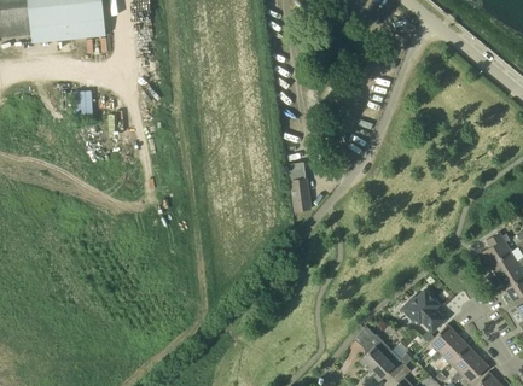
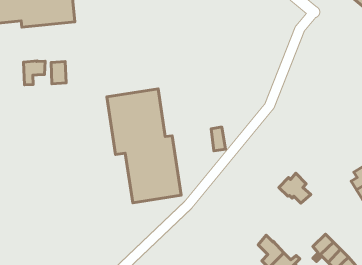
building: none -> [23,61,45,85]
building: none -> [107,89,181,203]
building: [401,290,444,331] -> [279,173,311,203]

